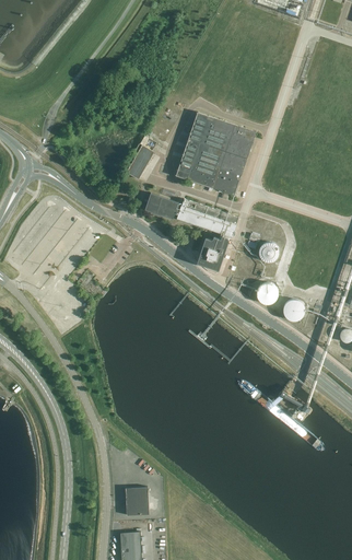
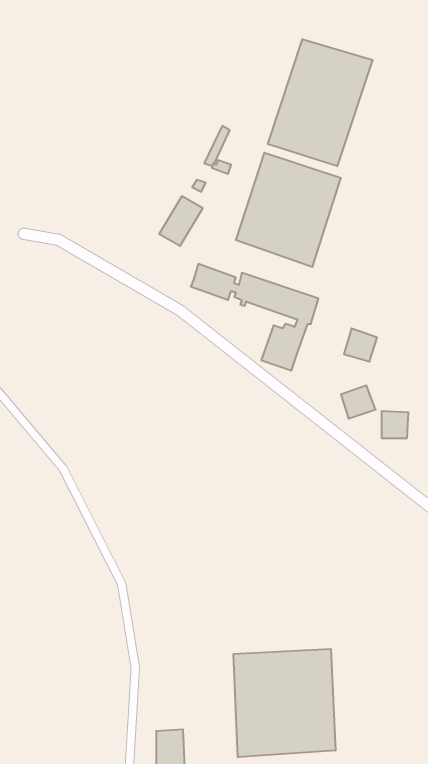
building: none -> [268,39,372,166]
building: none -> [234,649,336,757]
building: [124,487,148,515] -> none

